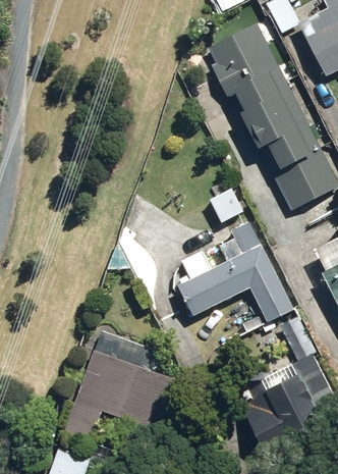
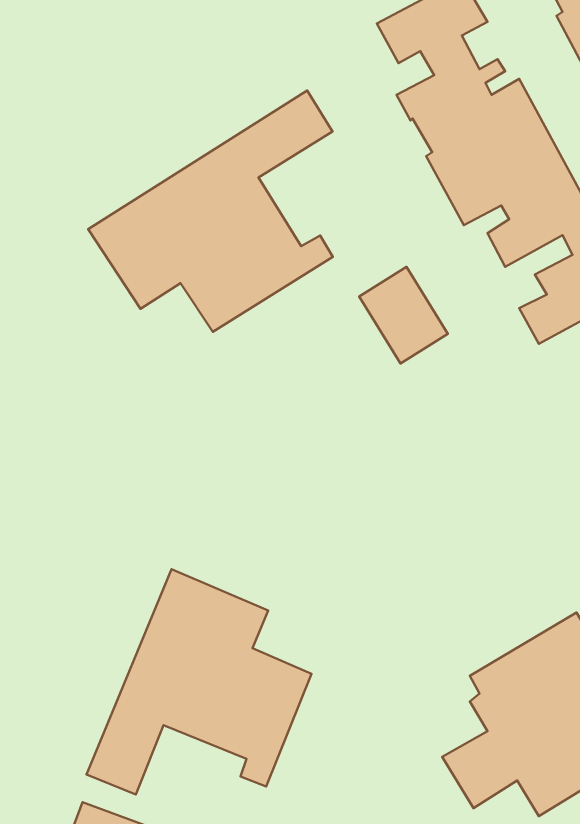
building: none -> [88,91,333,332]
building: [175,216,299,323] -> none

